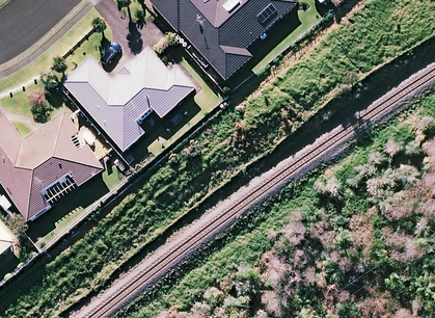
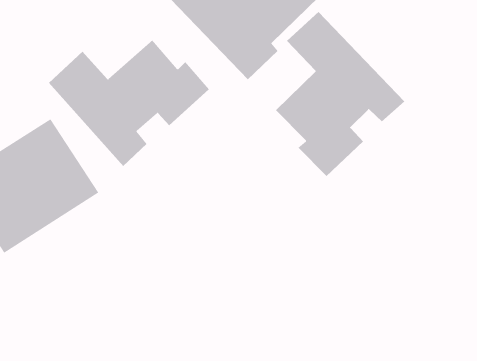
building: none -> [275,11,405,177]

